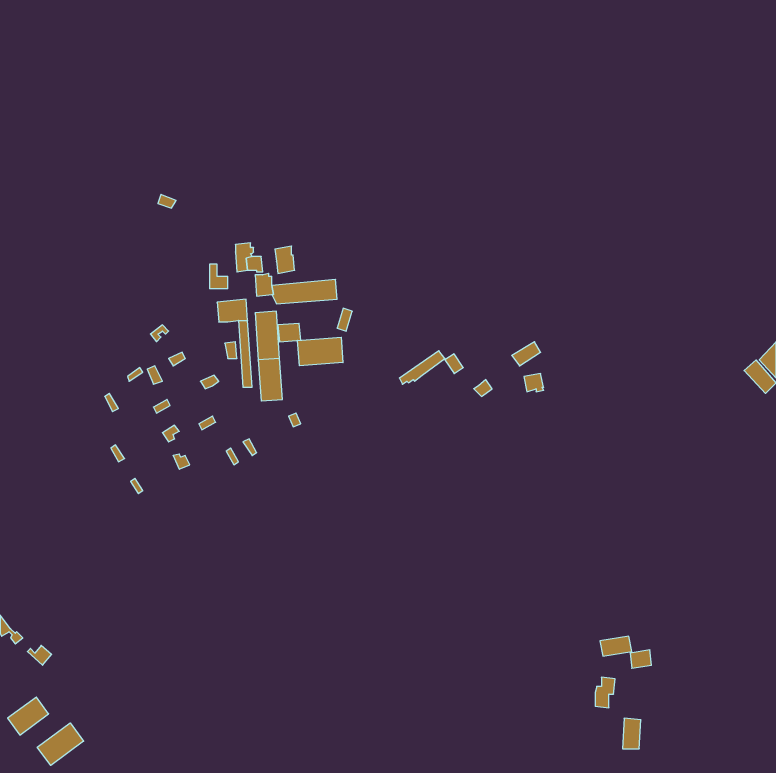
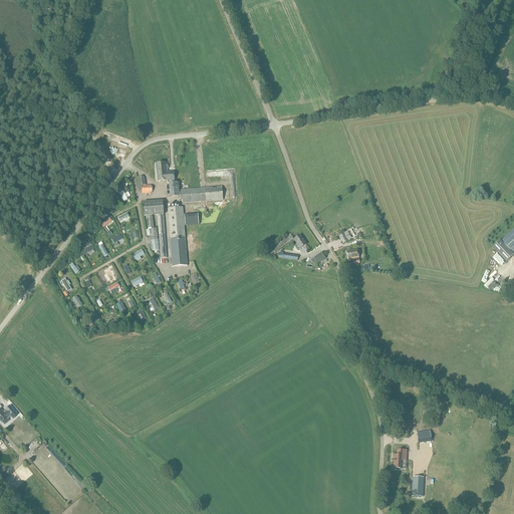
building: [298,337,343,366] -> none
building: [37,723,84,765] -> none

